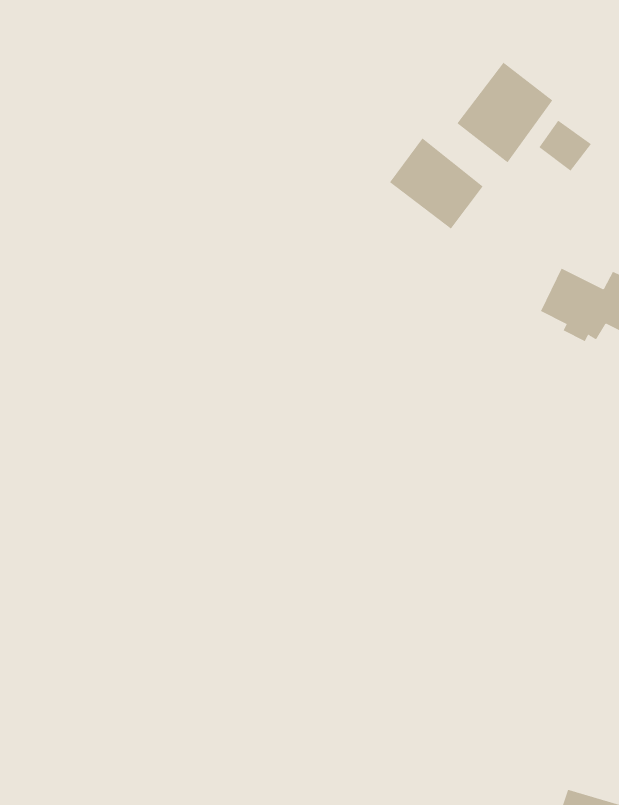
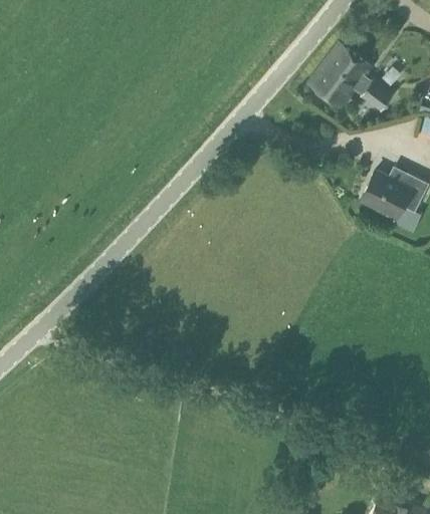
building: [389,137,483,229] -> none

